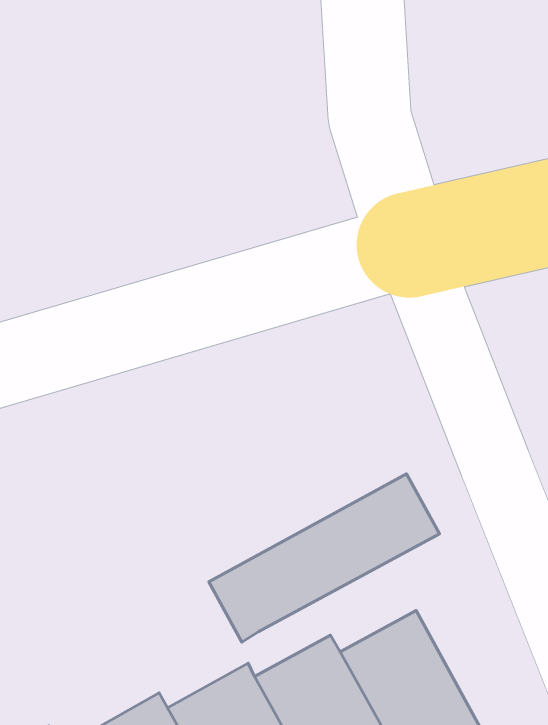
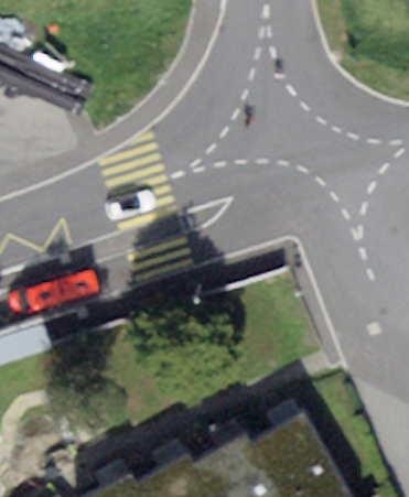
building: [209,474,440,642] -> none

